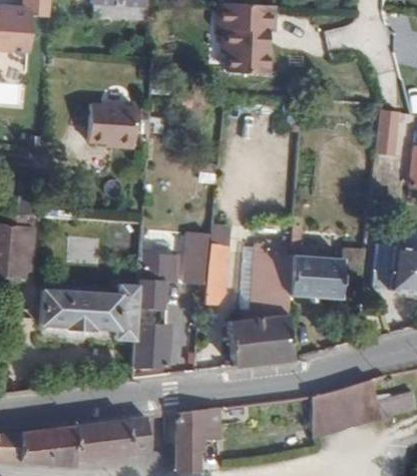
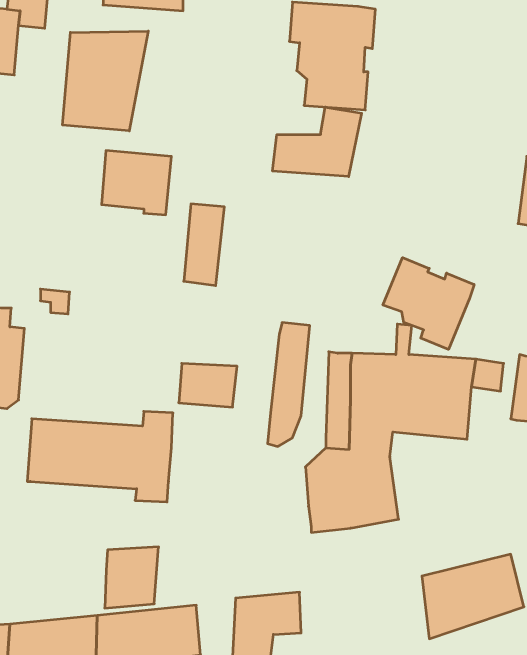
building: none -> [63,31,148,131]
building: none -> [273,107,362,177]
building: none -> [383,258,474,349]
building: [182,229,211,286] -> [184,204,224,286]
building: [136,279,167,312] -> none
building: [132,331,169,373] -> [105,547,159,608]

